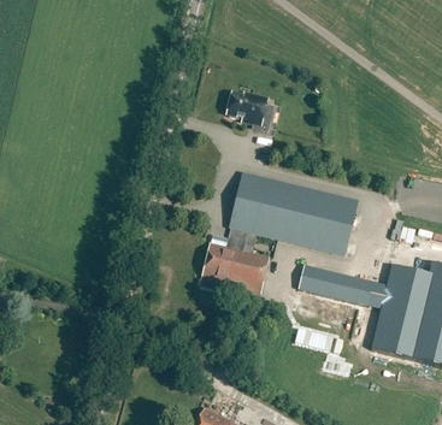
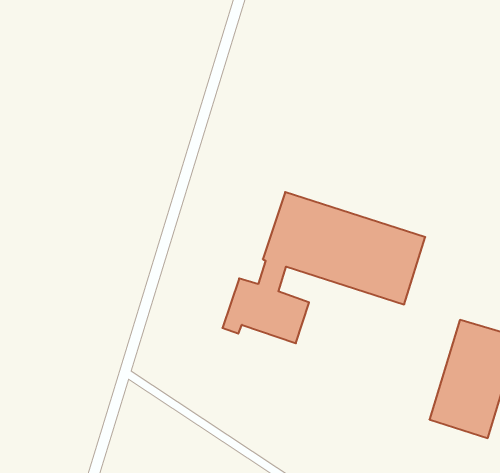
building: [229,93,270,125] -> none
building: [300,265,377,306] -> none

